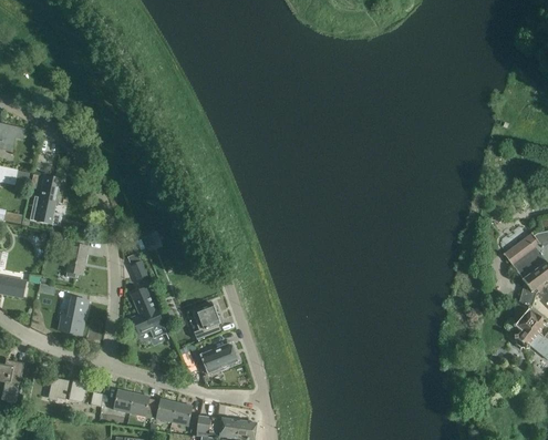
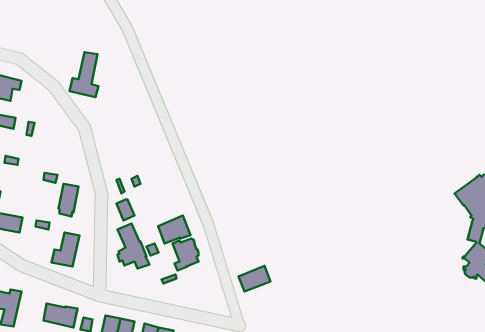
building: [30,176,62,226] -> [70,52,99,97]
building: none -> [158,216,191,244]
building: [203,344,238,372] -> [238,266,270,292]

